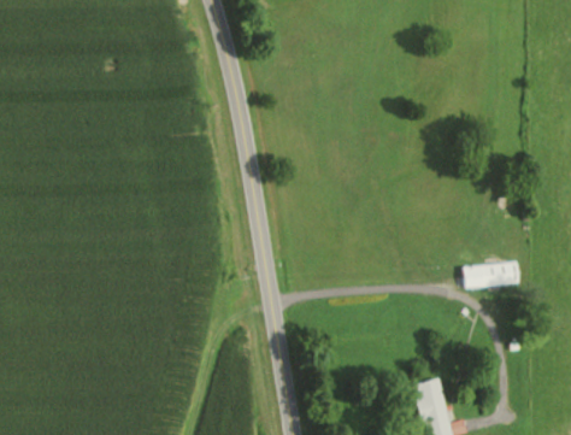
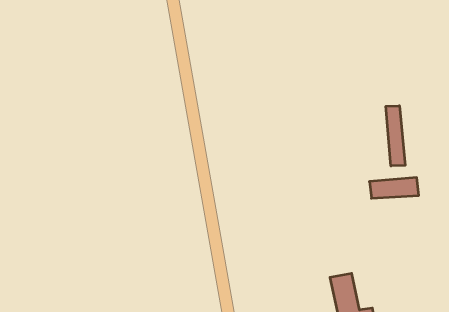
building: none -> [386,106,405,166]

